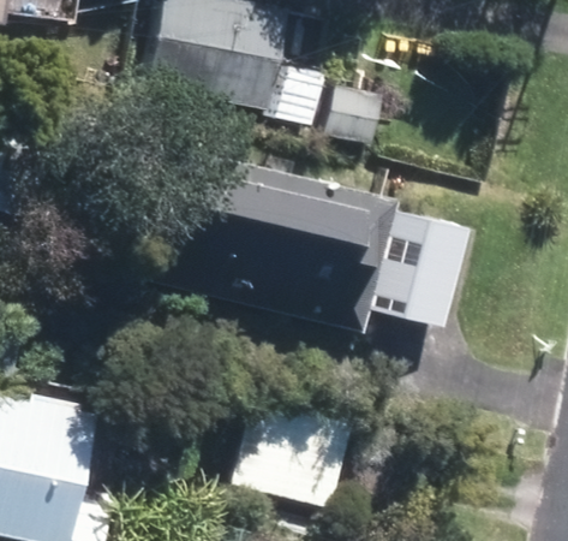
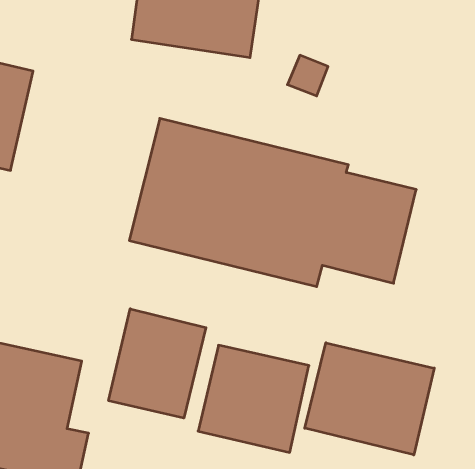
building: none -> [109,309,206,418]
building: none -> [305,343,434,455]

